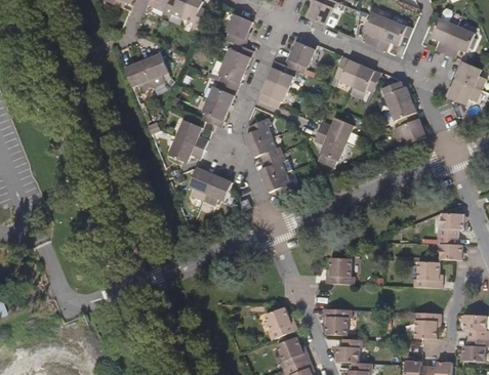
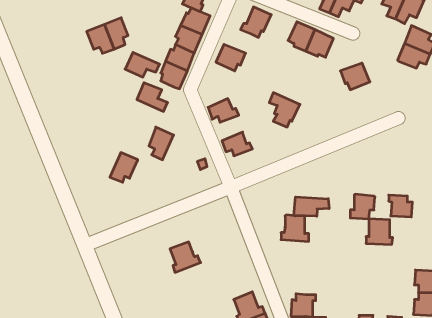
building: [267,60,294,89] -> none
building: [379,81,410,108] -> none
building: [318,117,353,142] -> none
building: [245,118,271,145] -> none
building: [393,119,425,144] -> none
building: [168,137,204,163] -> [125,52,160,77]
building: [259,154,291,180] -> none
building: [203,174,232,205] -> [110,153,138,182]
building: [438,212,463,238] -> [350,194,375,219]
building: none -> [294,197,329,216]
building: [266,308,297,340] -> [170,242,201,272]
building: [323,309,352,335] -> none
building: [412,312,441,339] -> none

